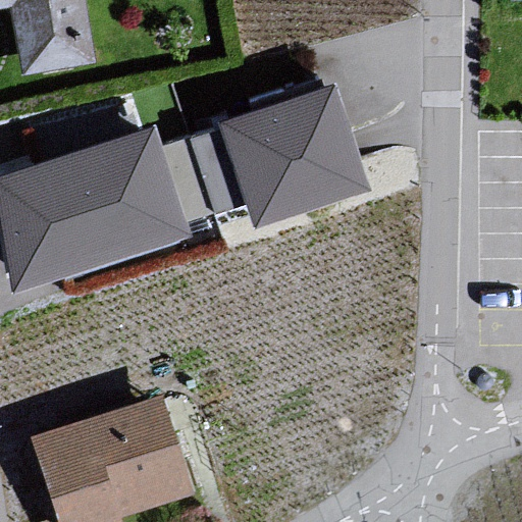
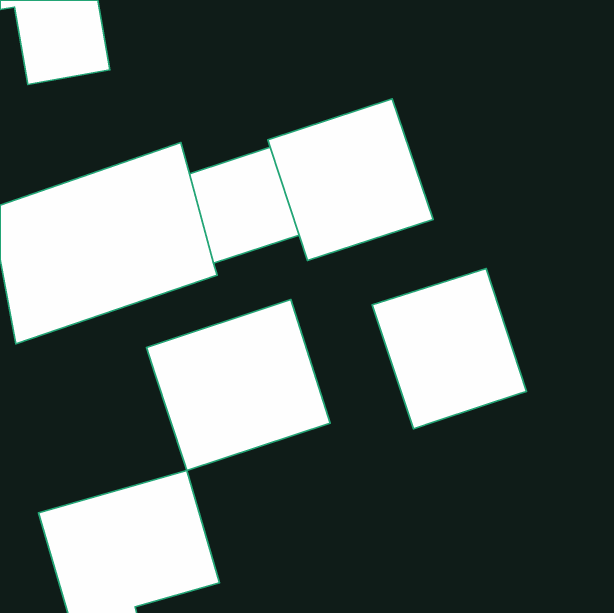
building: none -> [372,269,527,429]
building: none -> [146,300,330,471]

